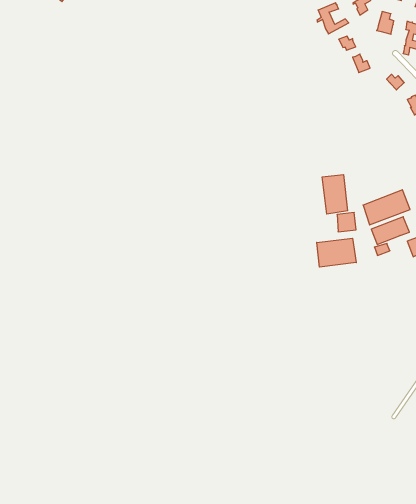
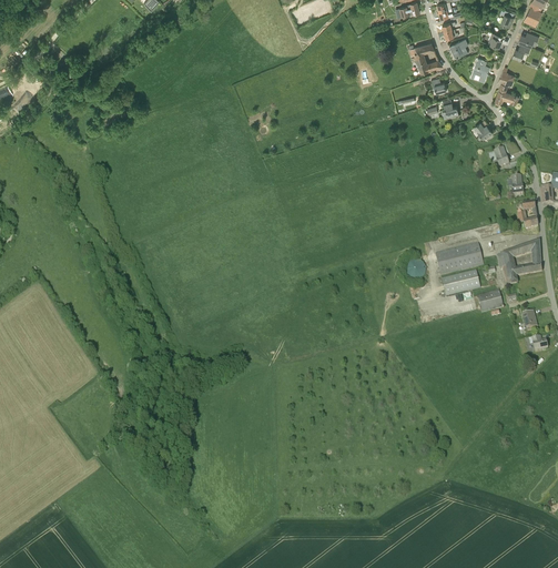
building: [322,175,348,214] -> none
building: [317,238,356,267] -> none

